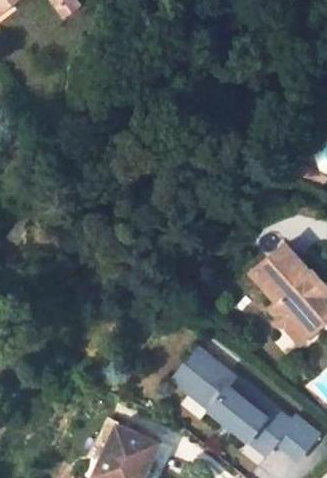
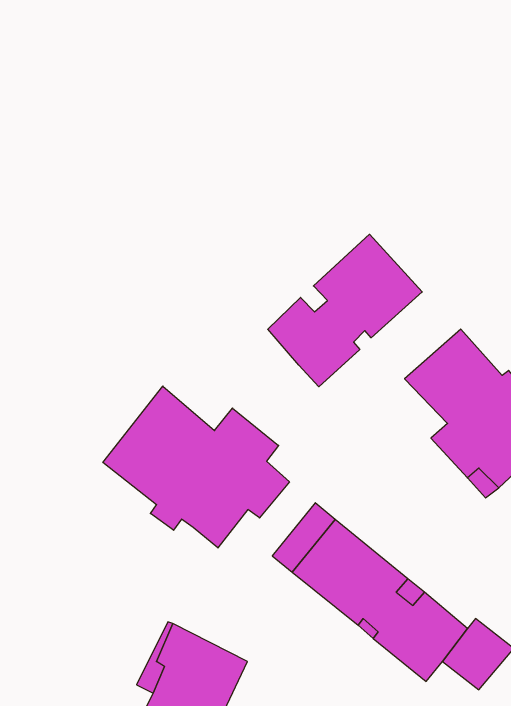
building: none -> [268,234,422,387]
building: none -> [103,386,289,548]

